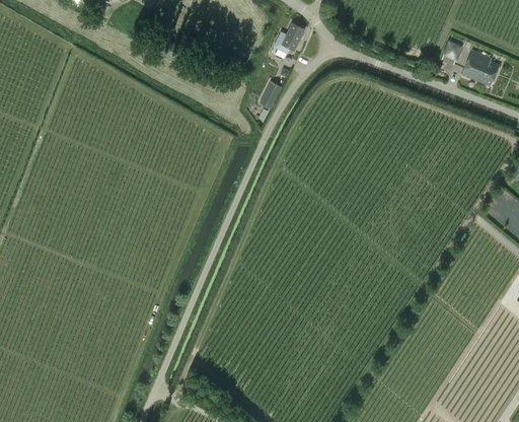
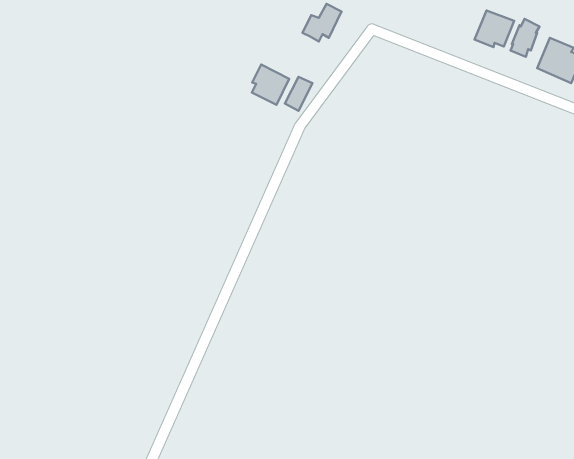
building: none -> [475,10,514,47]
building: none -> [252,64,289,105]

